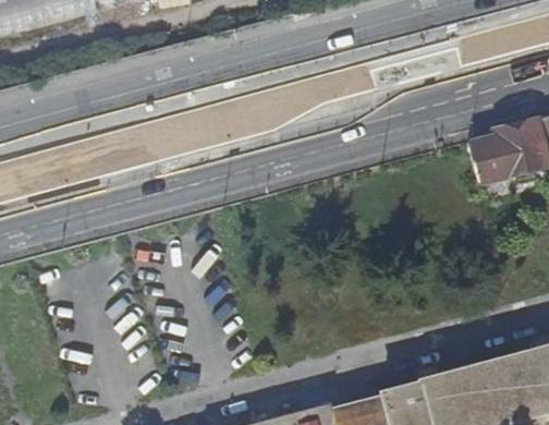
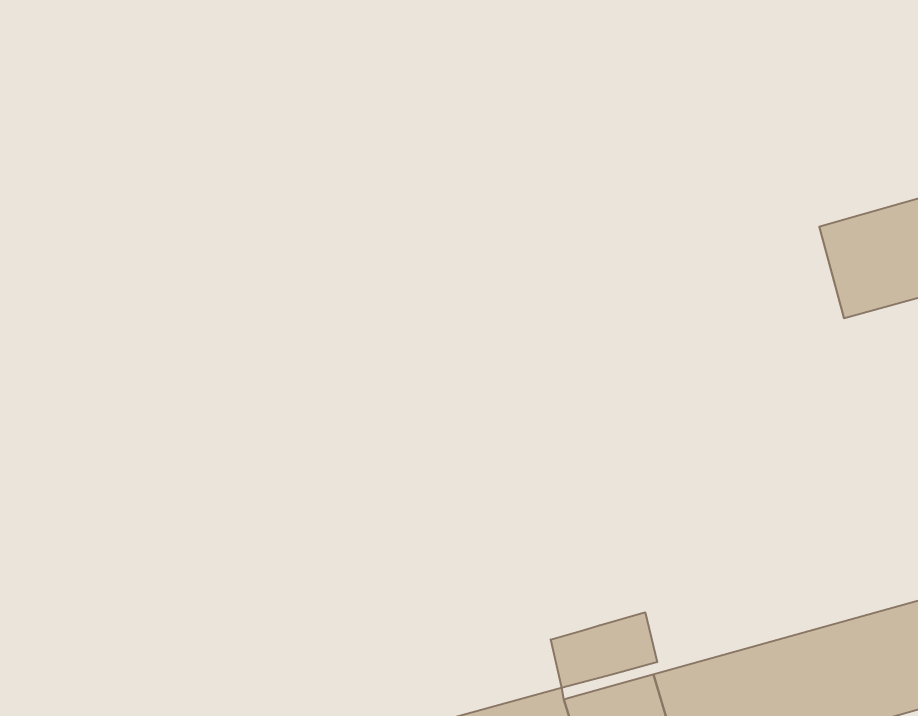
building: none -> [551,612,657,688]

